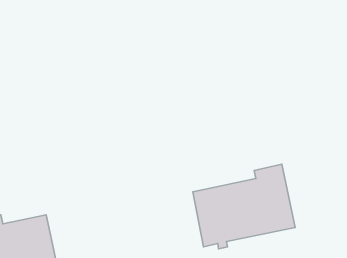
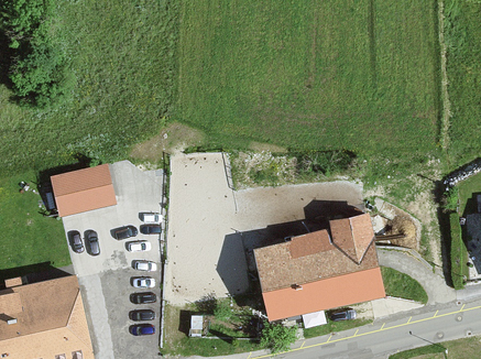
building: none -> [54,168,111,213]

